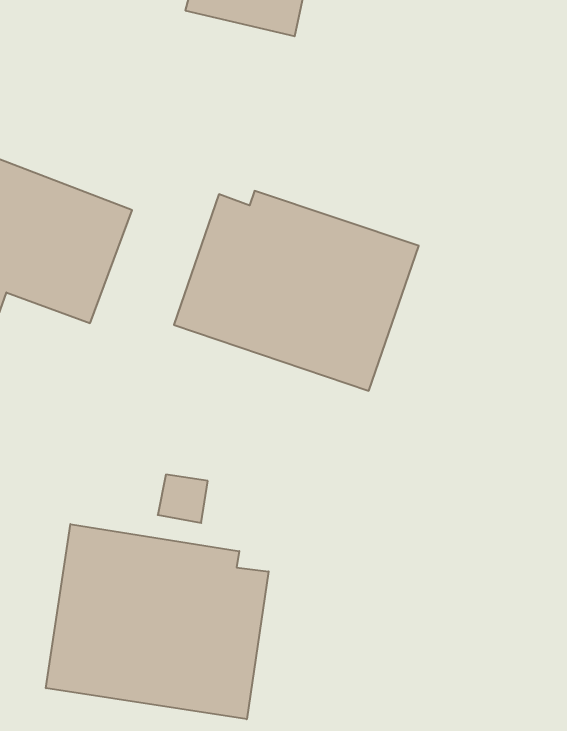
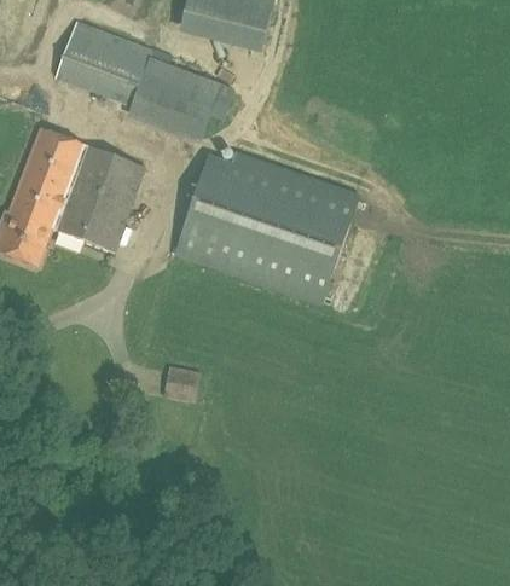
building: none -> [54,21,234,140]
building: [46,524,269,719] -> none

